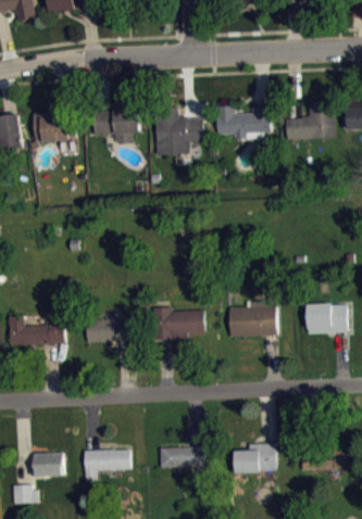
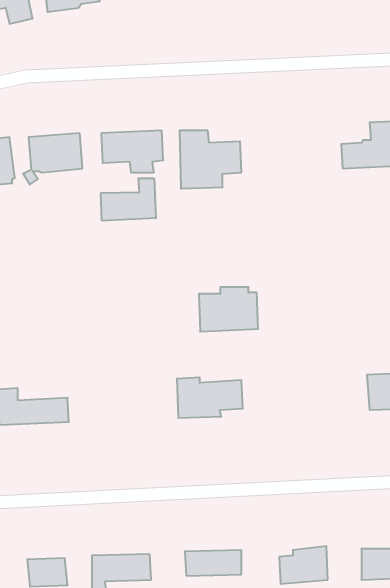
building: [215,107,272,139] -> none
building: none -> [101,178,156,221]
building: [228,302,276,338] -> [199,287,258,332]
building: [84,318,137,343] -> none

